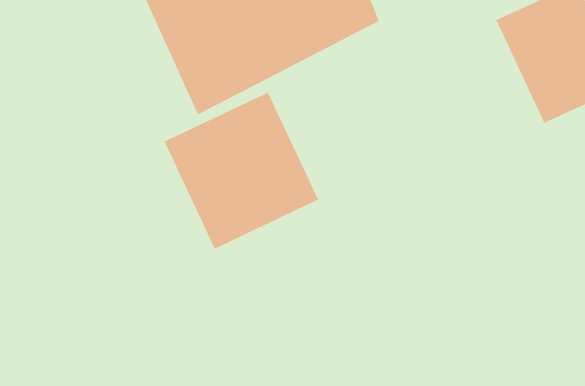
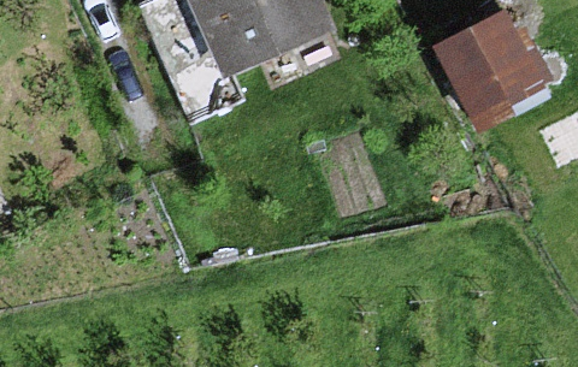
building: [164,92,319,250] -> none

